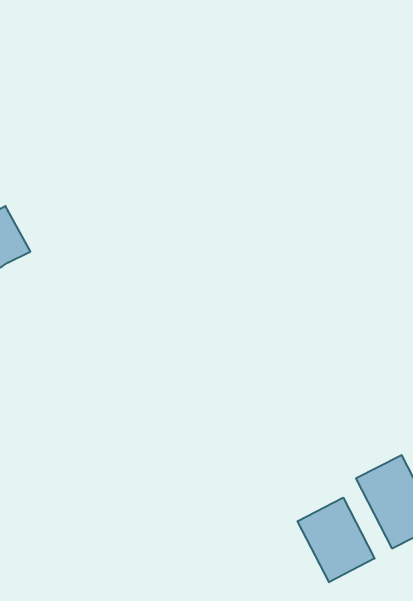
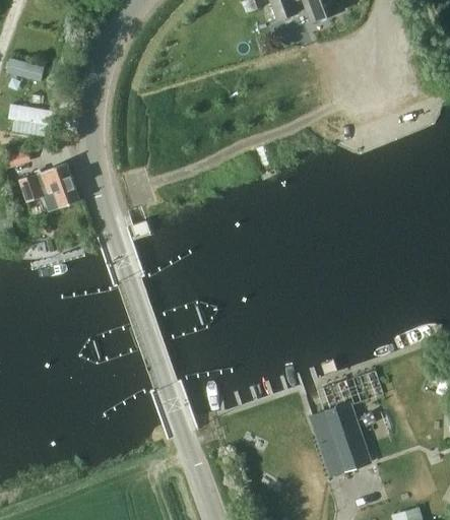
building: [298,498,375,582] -> none

